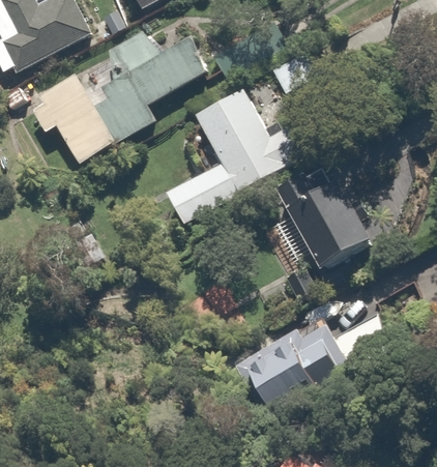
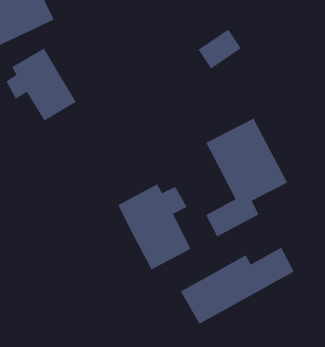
building: [97,26,209,137] -> none
building: [167,85,288,222] -> none
building: none -> [117,183,192,271]

